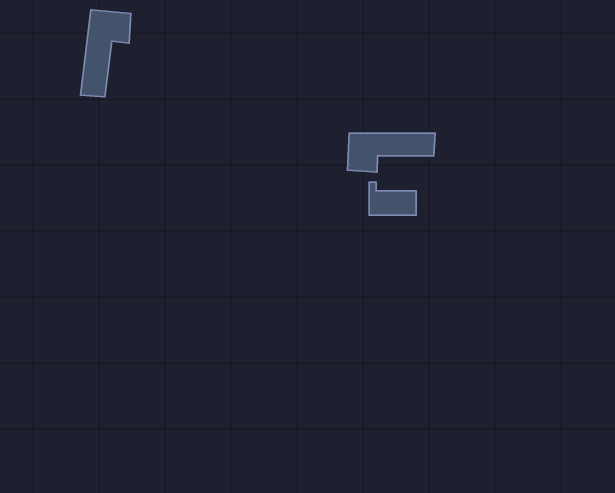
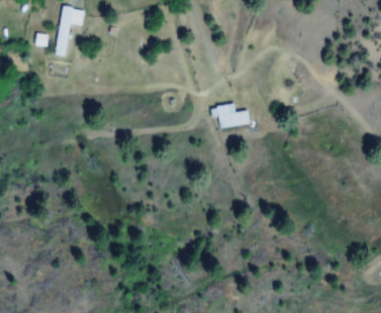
building: [348,133,435,172] -> none

